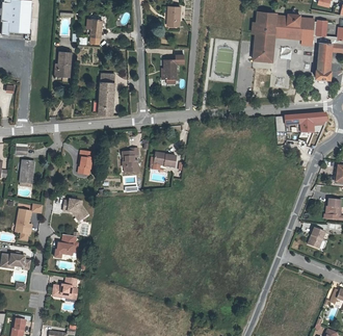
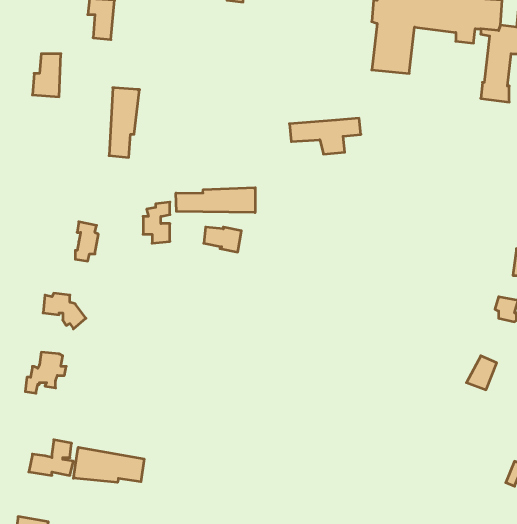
building: [160,55,185,79] -> none
building: [282,113,323,134] -> [289,118,361,154]
building: none -> [176,188,255,213]
building: none -> [73,447,144,482]

